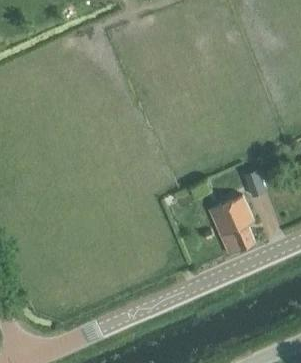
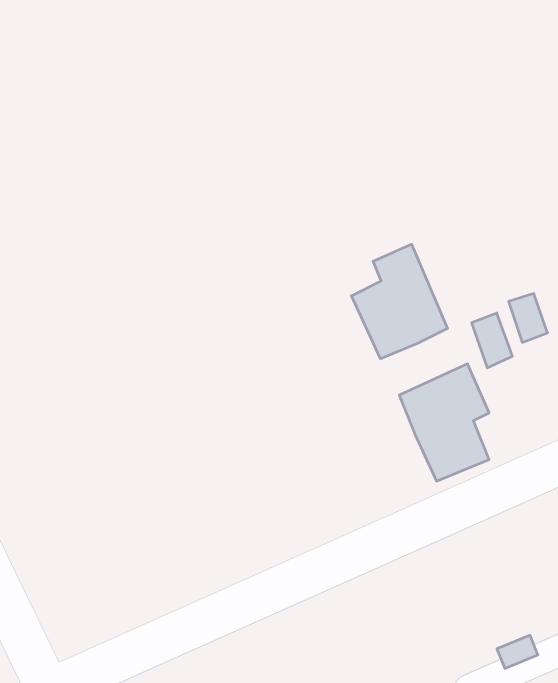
building: none -> [351,244,448,359]

